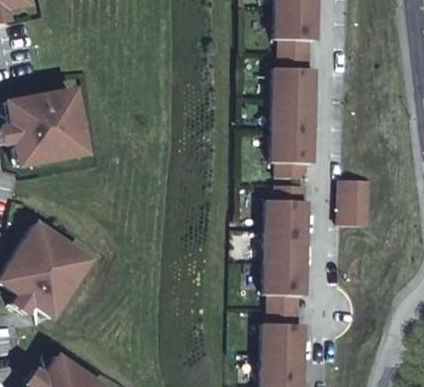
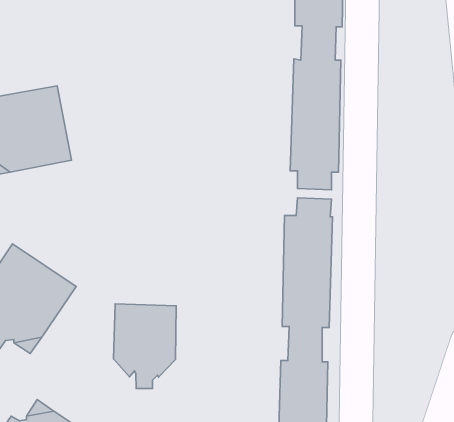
building: [342,178,373,224] -> none
building: none -> [113,304,176,389]

